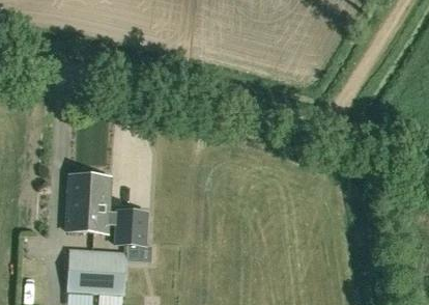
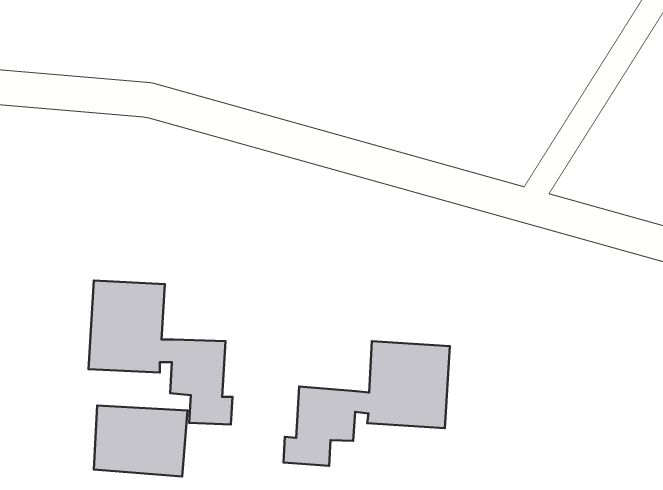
building: none -> [284,341,450,466]

